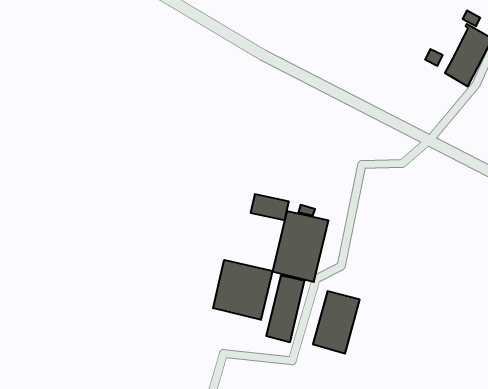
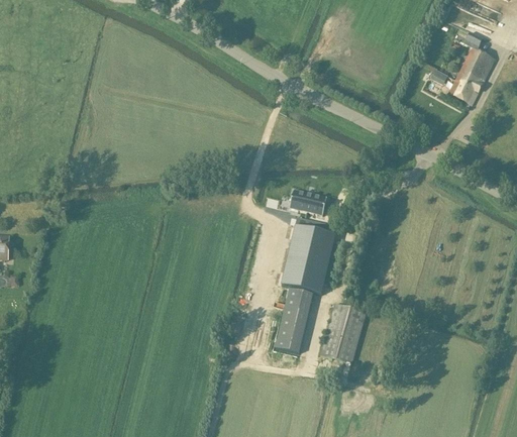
building: [251,194,289,220] -> [289,189,326,214]
building: [213,260,273,320] -> none

